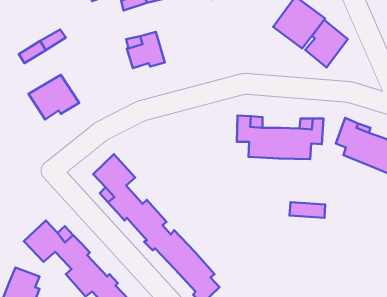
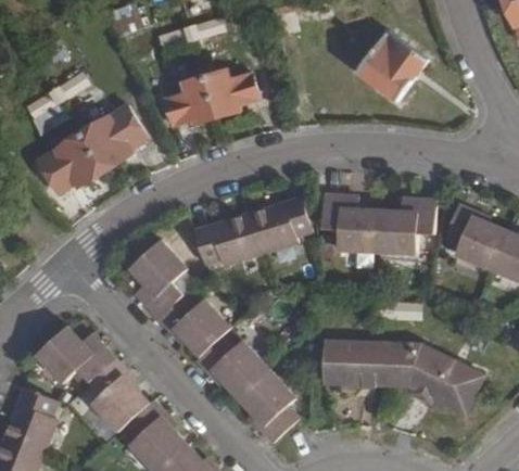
building: [305,20,348,67] -> none
building: none -> [207,74,263,120]
building: none -> [83,109,149,174]
building: none -> [181,193,301,264]
building: none -> [329,345,485,415]

